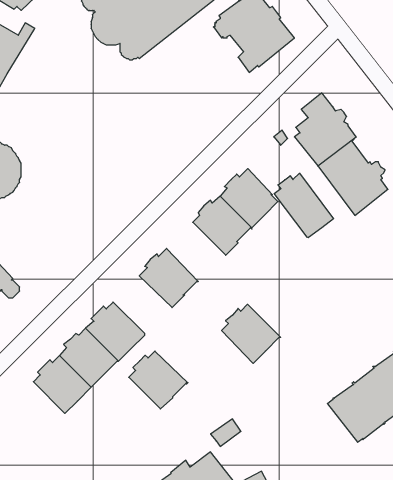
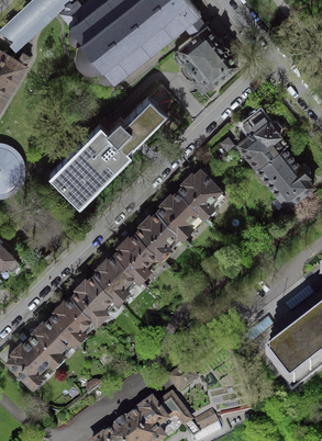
building: none -> [48,97,168,206]
building: [274,173,334,238] -> none
building: [222,304,281,363] -> [136,212,184,259]
building: [129,351,188,409] -> [93,255,141,301]
building: none -> [8,339,55,386]

